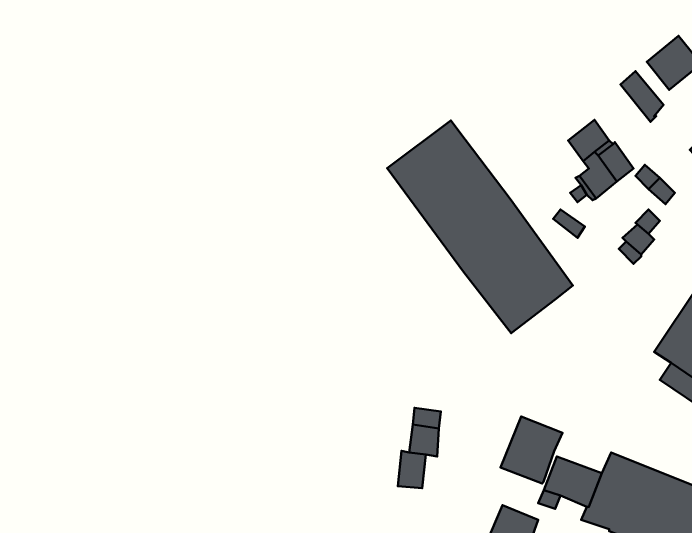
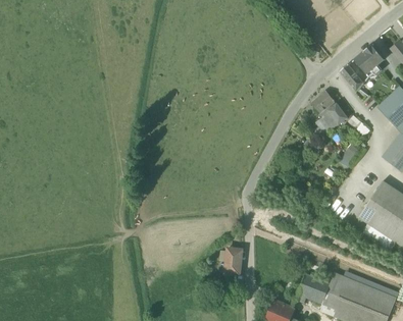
building: [387,121,573,333] -> none
building: [501,417,563,483] -> none

